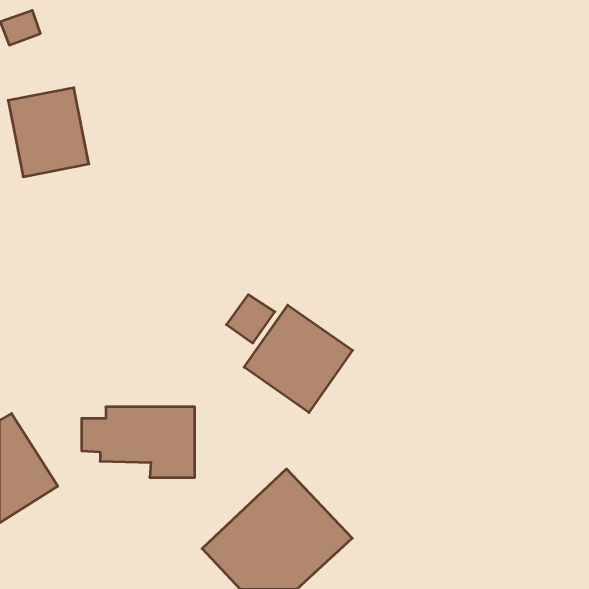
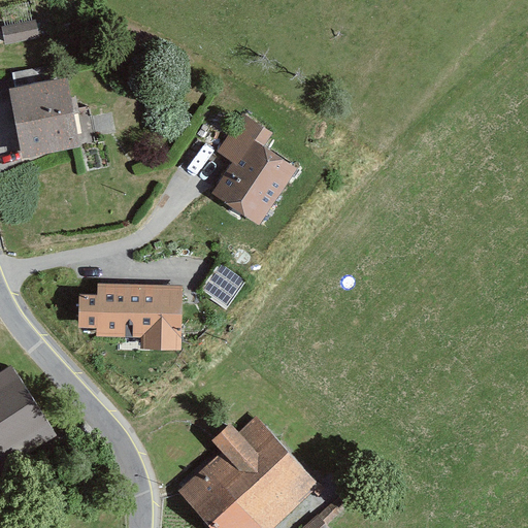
building: none -> [209,113,296,226]
building: [244,305,353,413] -> none
building: [82,407,195,477] -> [78,286,179,349]

